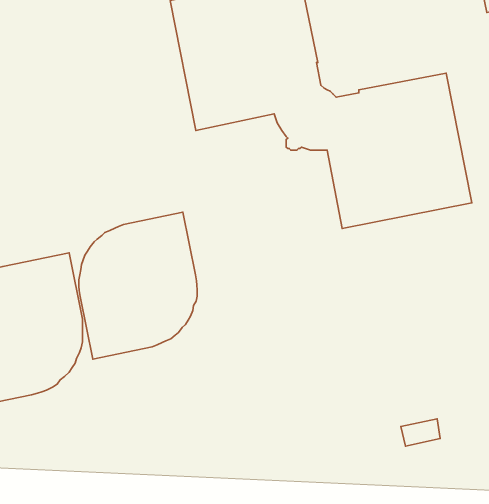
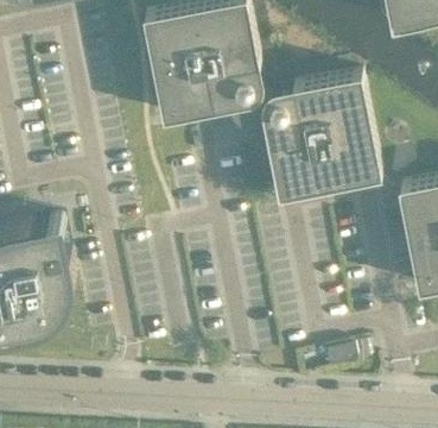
building: [79,212,197,359] -> none

